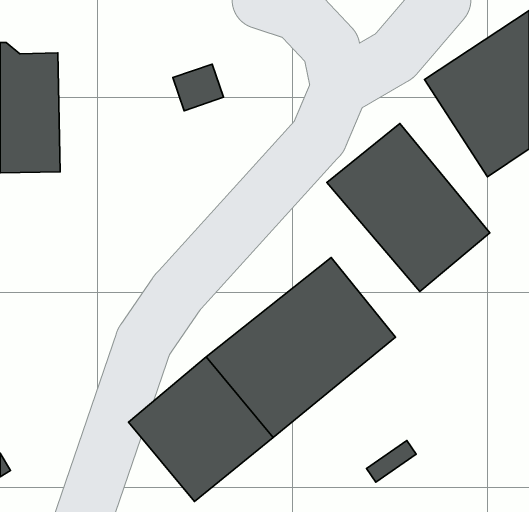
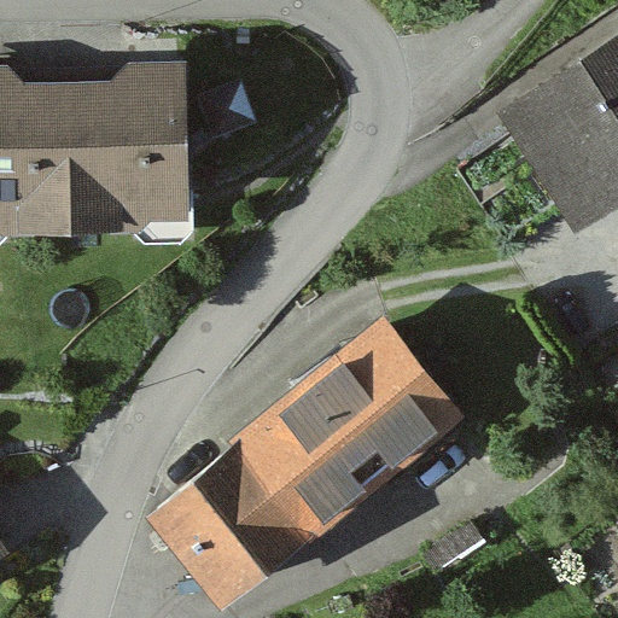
building: none -> [68,66,187,220]
building: [327,124,490,291] -> none

